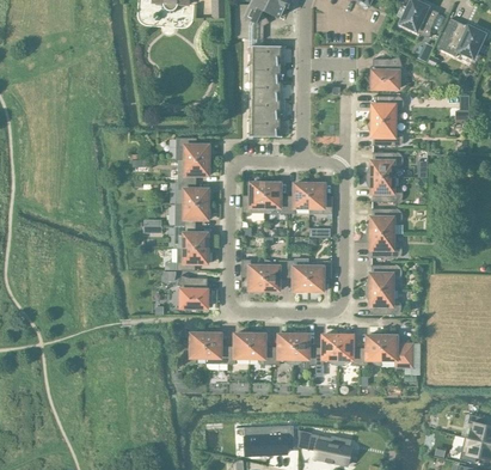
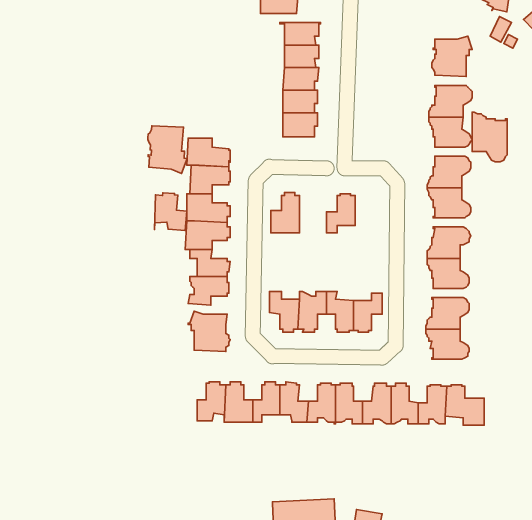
building: none -> [472,112,507,162]
building: none -> [148,126,187,173]
building: [265,181,287,213] -> none
building: none -> [154,193,187,230]
building: [309,182,332,214] -> none

